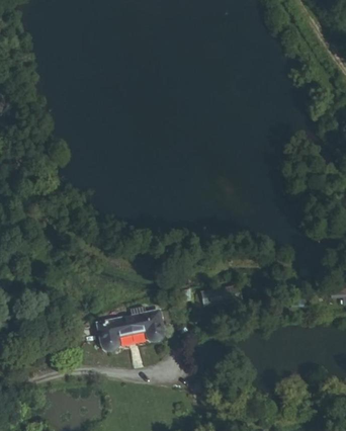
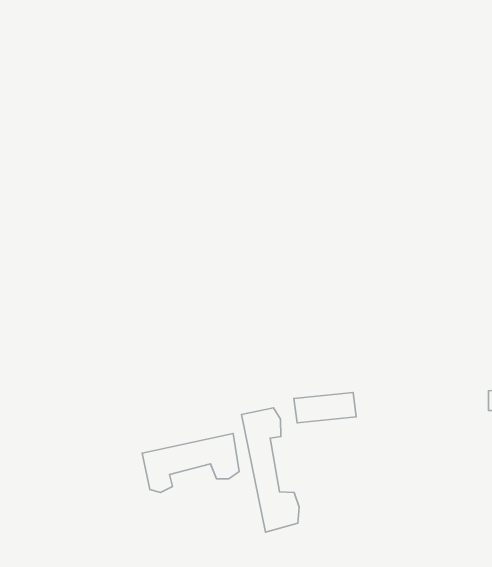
building: none -> [241,408,299,532]

